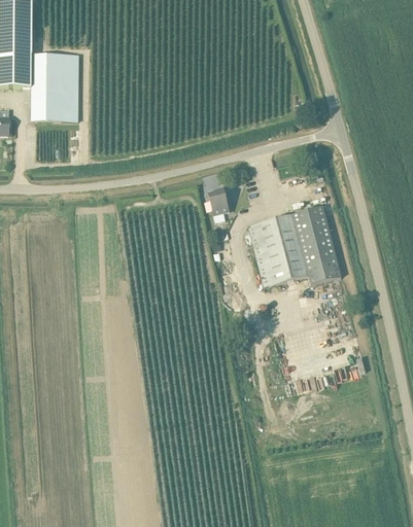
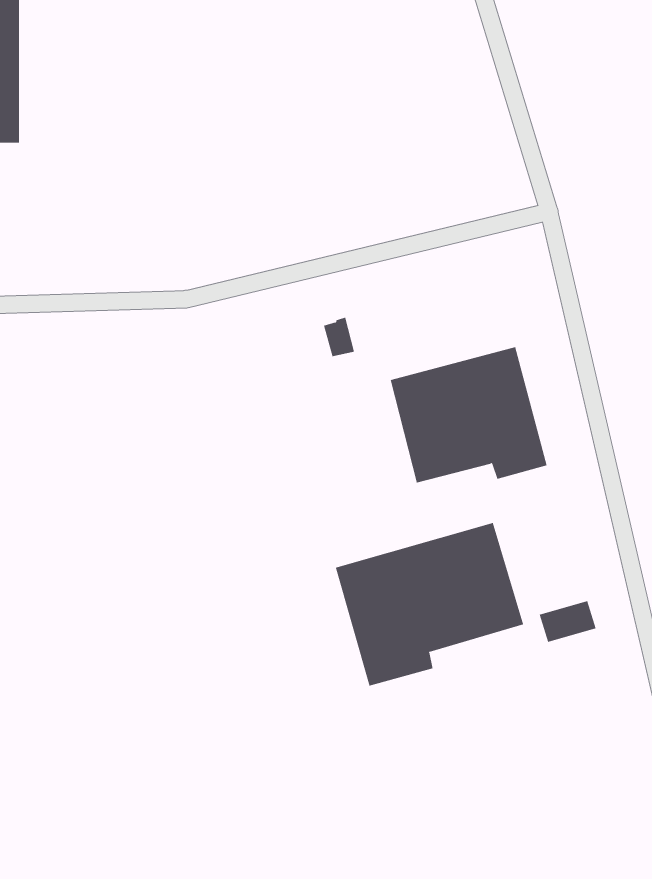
building: [31,51,78,119] -> none
building: none -> [335,522,524,687]

